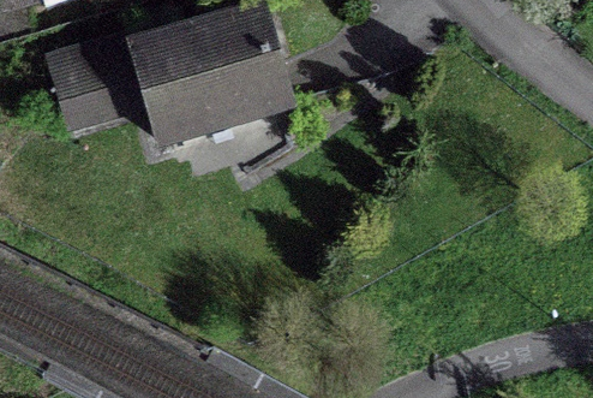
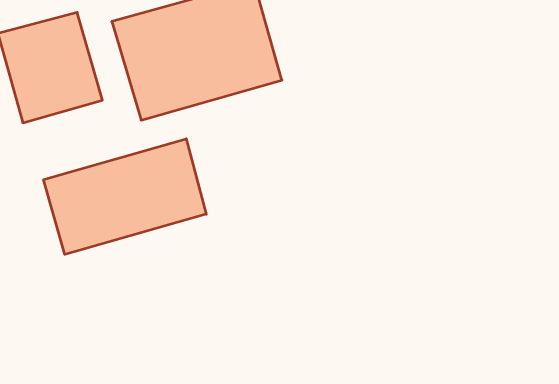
building: none -> [44,139,206,254]

